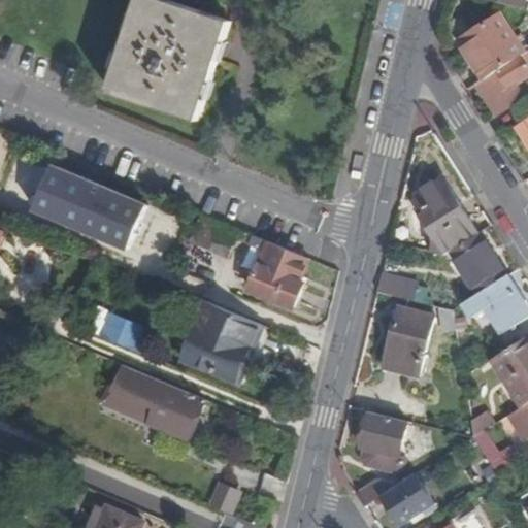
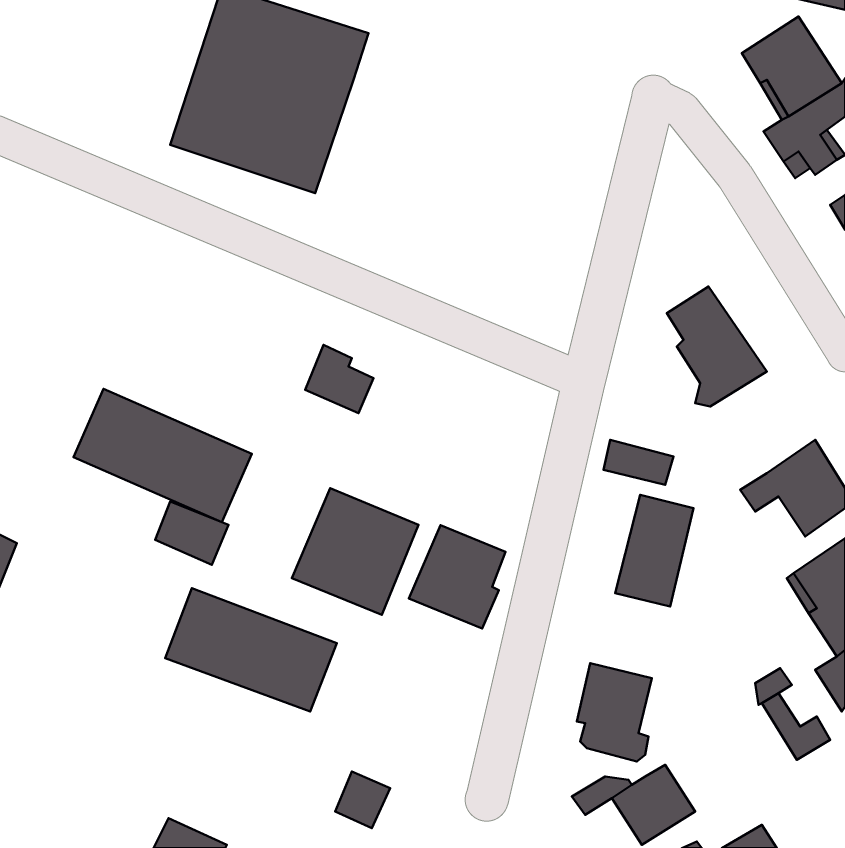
building: [33,167,143,250] -> [74,389,252,522]
building: [448,233,504,293] -> none
building: [245,242,305,306] -> [409,525,506,628]

